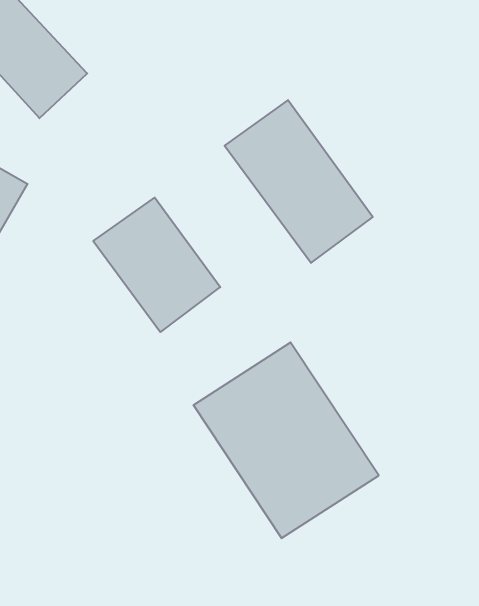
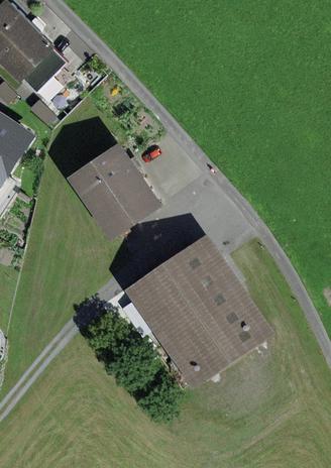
building: [225,100,373,263] -> none

